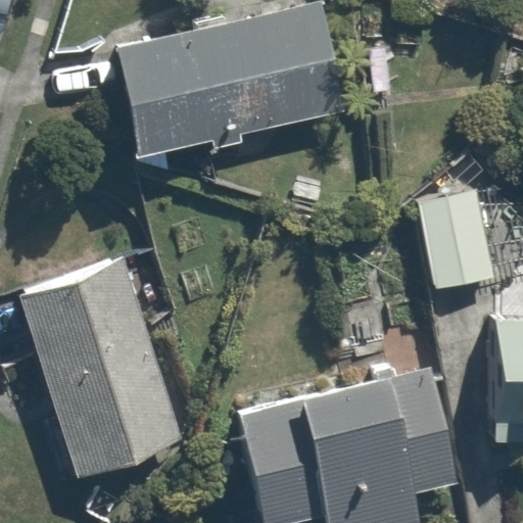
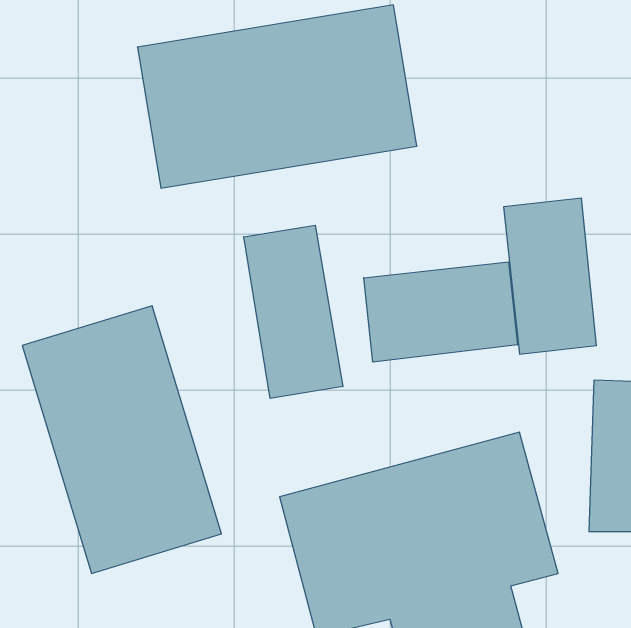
building: none -> [244,225,343,398]
building: none -> [364,262,517,362]

